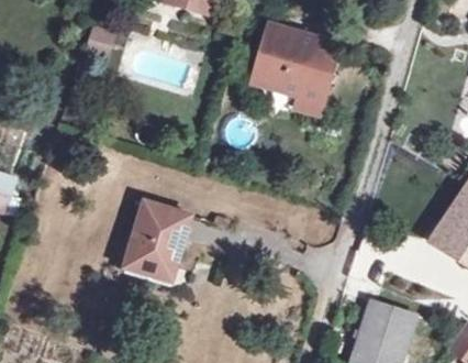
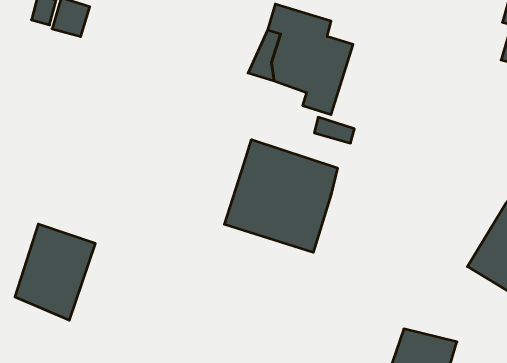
building: none -> [224,140,337,252]
building: [120,198,188,279] -> [15,224,95,320]

